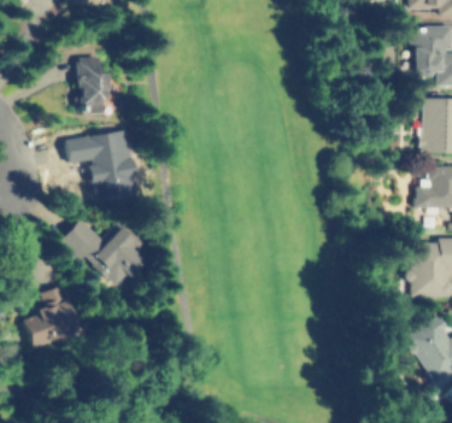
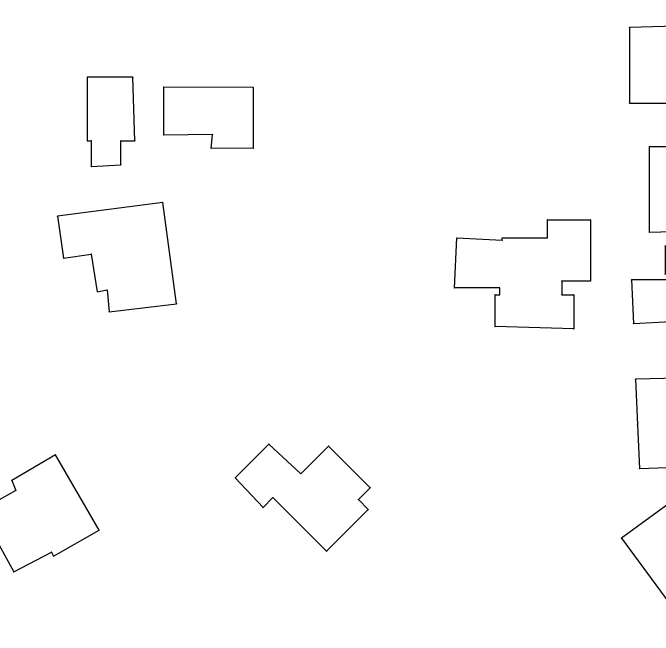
building: none -> [164,87,253,148]
building: none -> [454,220,590,329]
building: [63,222,145,287] -> [235,444,370,551]

